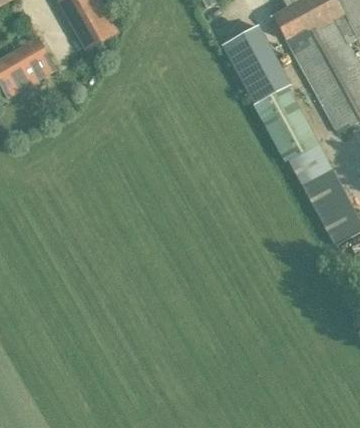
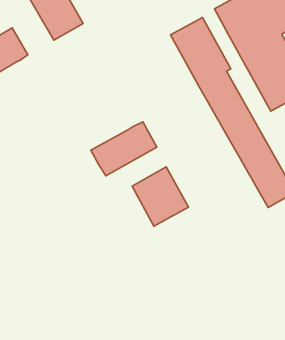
building: none -> [91,122,157,176]
building: none -> [132,167,189,226]

